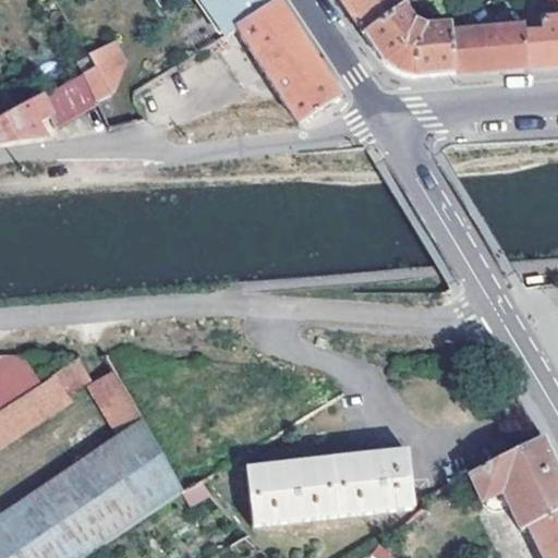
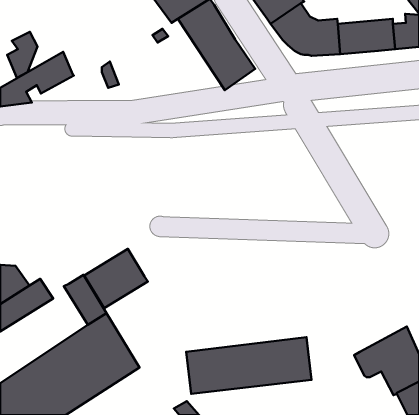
building: [84,38,124,99] -> [7,32,37,78]
building: none -> [84,249,148,308]

